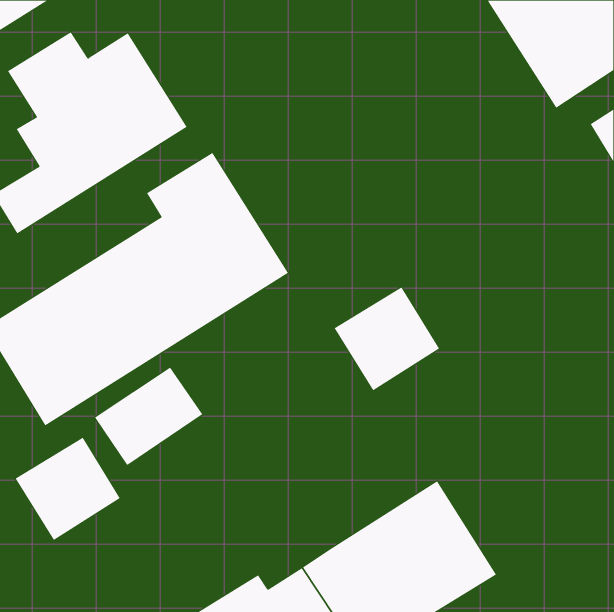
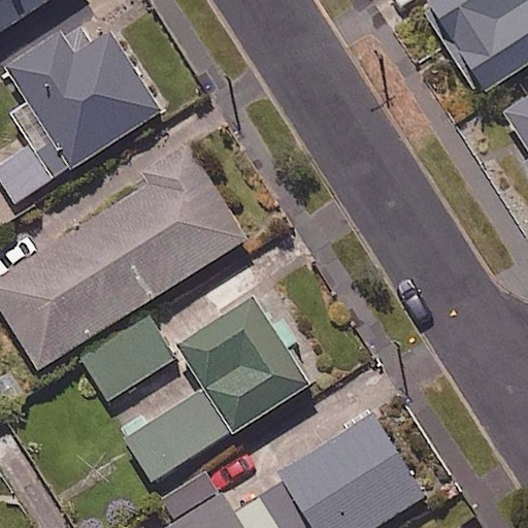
building: [334,286,440,391] -> none
building: none -> [120,297,307,481]
building: [15,437,121,541] -> none

